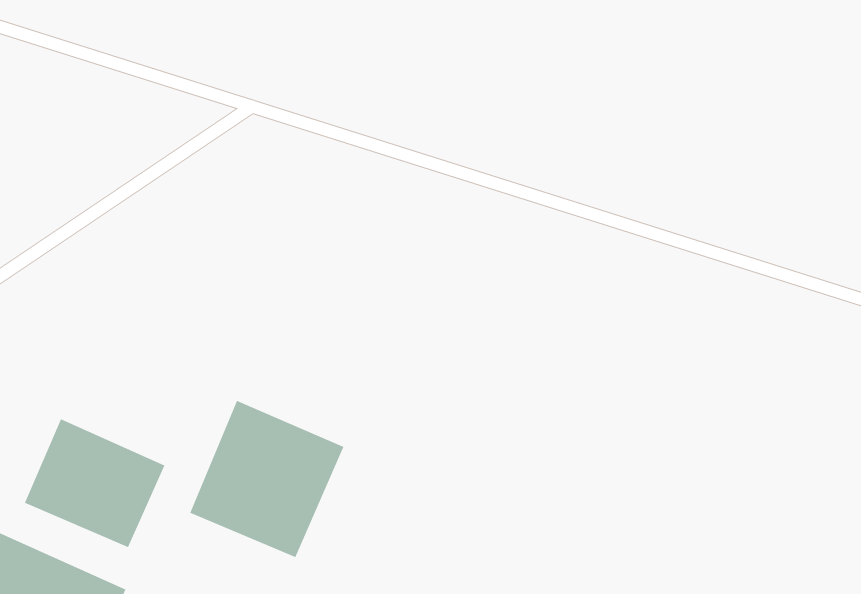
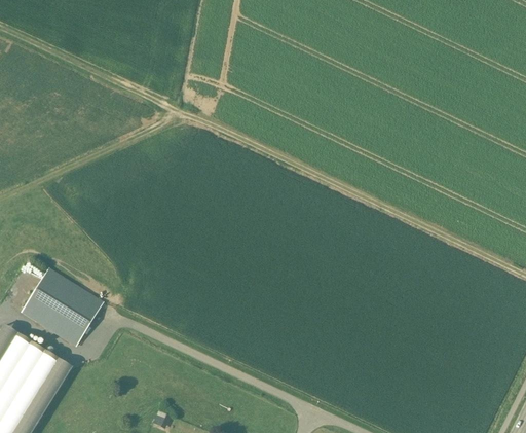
building: [189,400,344,558] -> none

